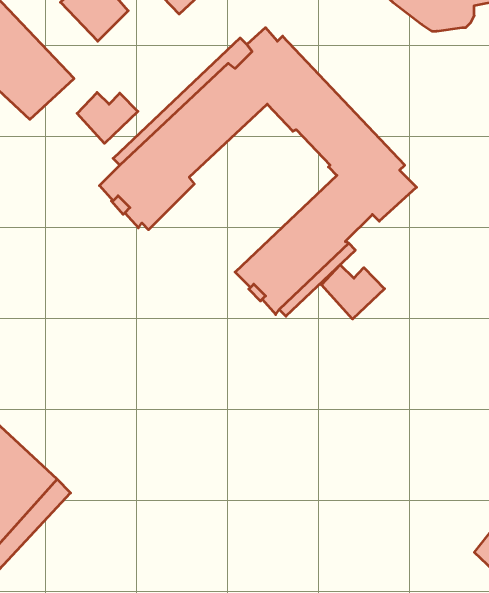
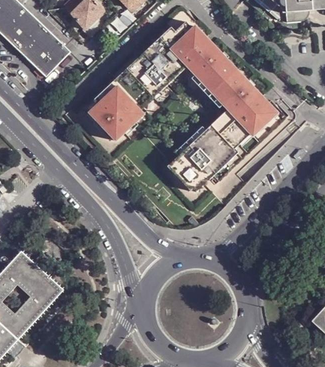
building: [77,92,138,143] -> none
building: [321,265,385,319] -> none

